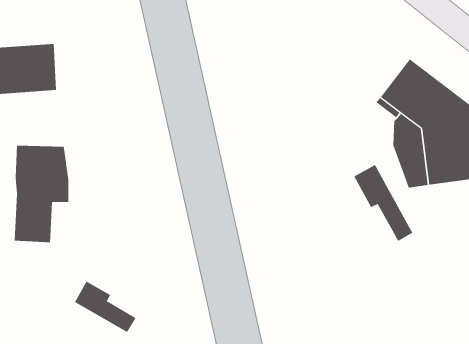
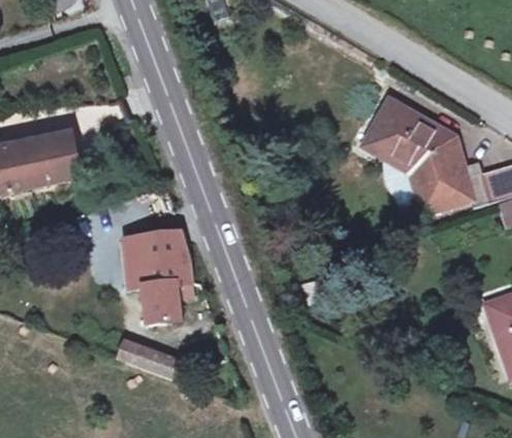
building: [14,145,69,243] -> [137,230,192,321]
building: [354,164,413,242] -> none

